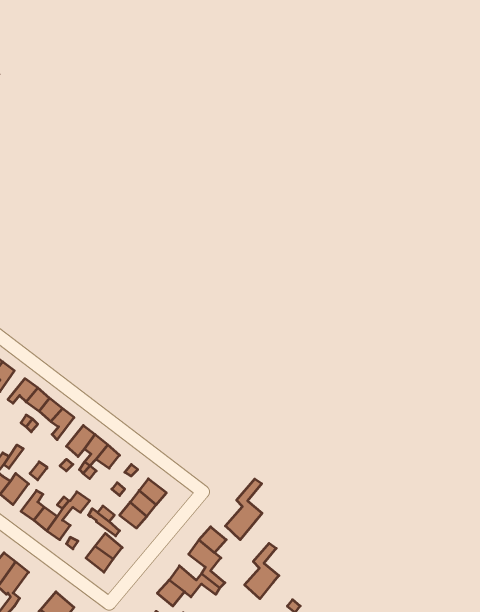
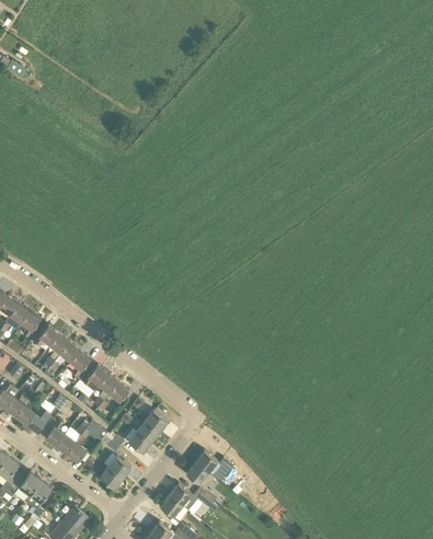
building: [225,479,262,540] -> none
building: [245,543,279,599] -> none

